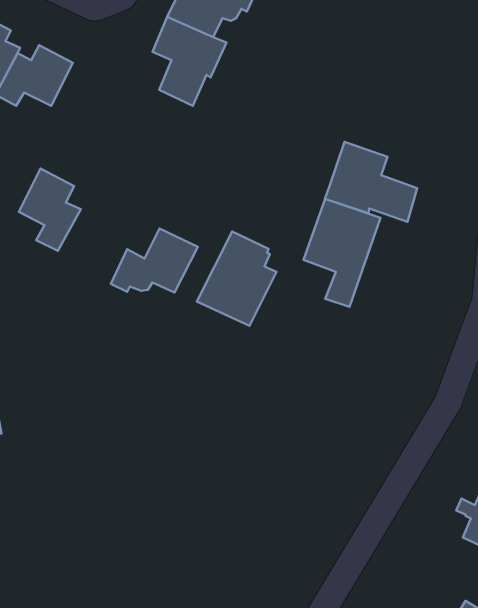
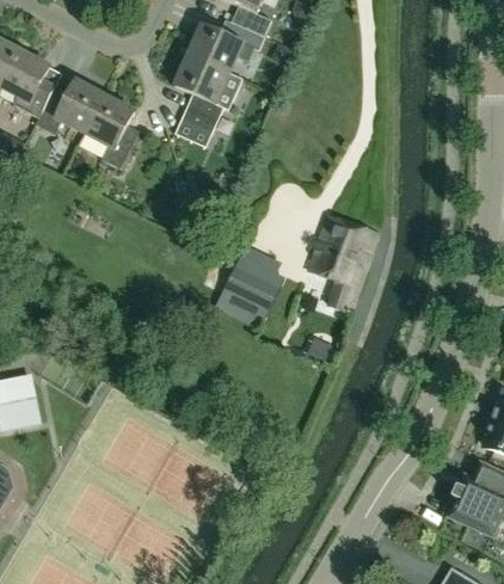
building: [325,142,417,222] -> none
building: [19,169,81,251] -> [86,94,141,167]
building: [111,229,198,293] -> none

